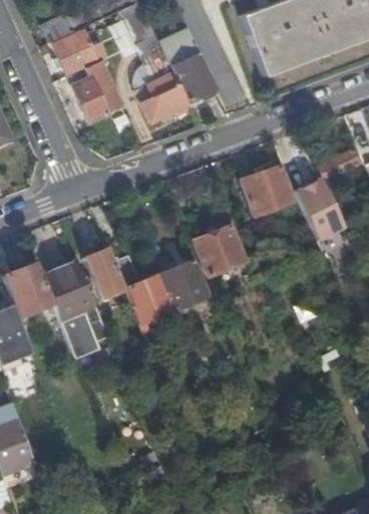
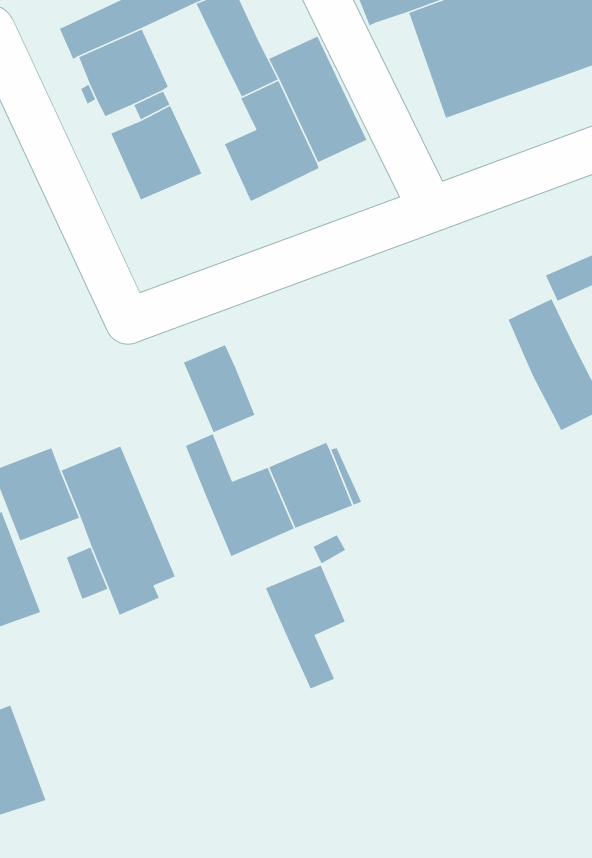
building: [241,165,295,216] -> none
building: [193,225,247,276] -> none
building: [83,249,124,299] -> [183,344,256,433]
building: none -> [265,564,346,690]

